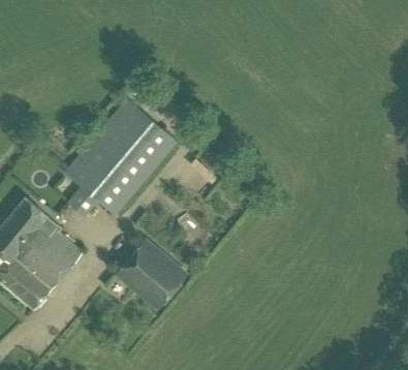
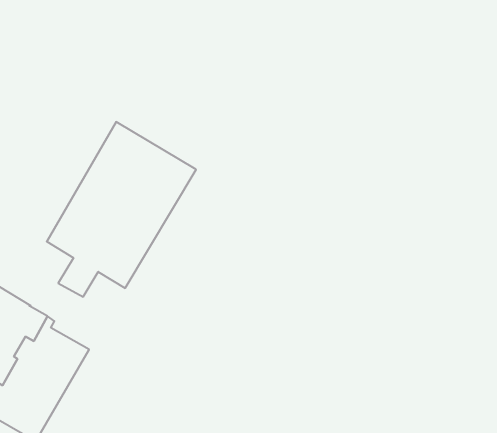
building: [114,237,188,311] -> none

